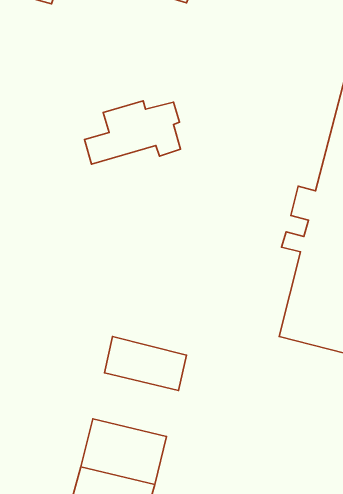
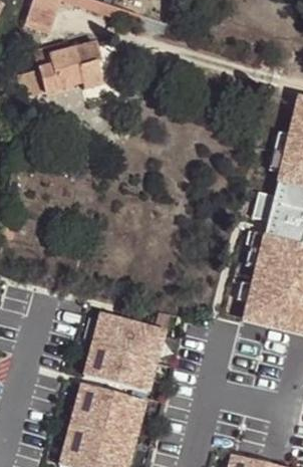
building: [84,101,181,164] -> [18,41,100,95]
building: none -> [84,346,156,392]

